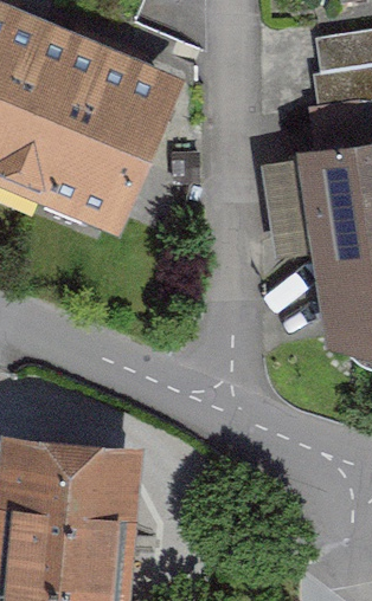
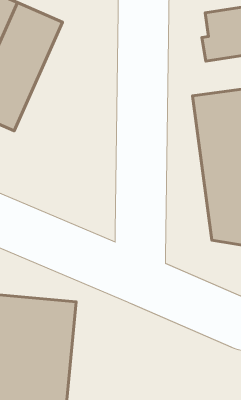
building: [47,51,186,234] -> none

